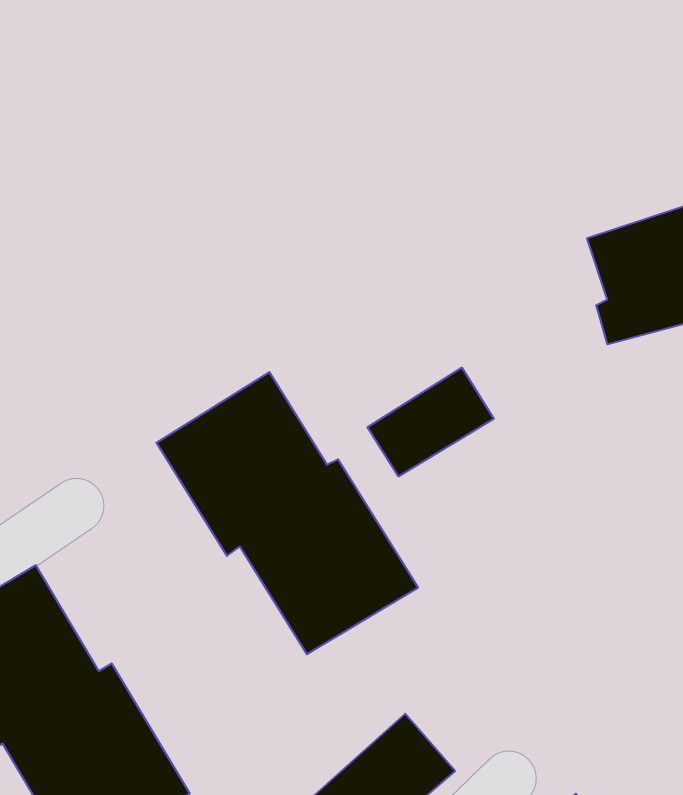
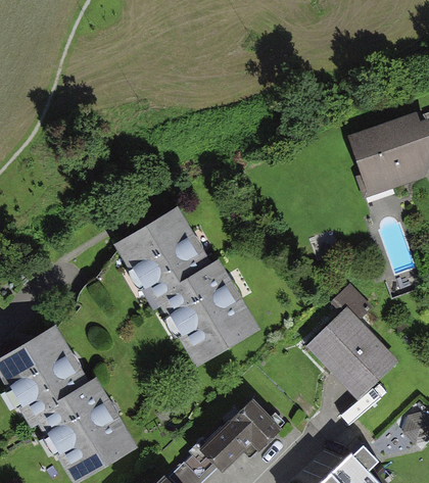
building: [368,368,494,476] -> none
building: none -> [305,285,400,401]

